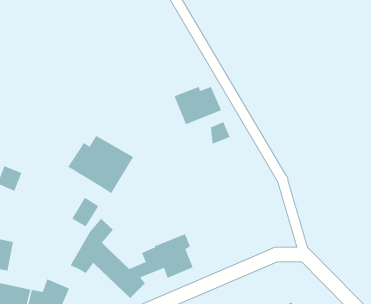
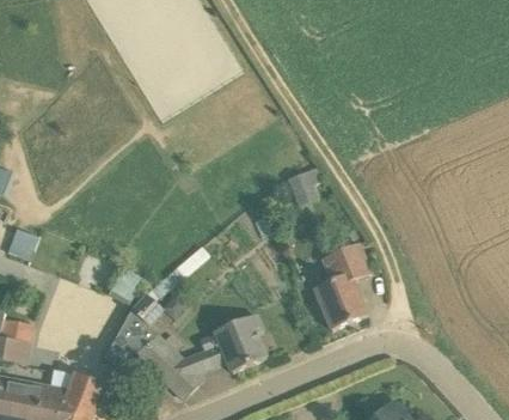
building: [174,86,222,125] -> none
building: [68,135,134,194] -> none
building: none -> [313,243,369,331]

